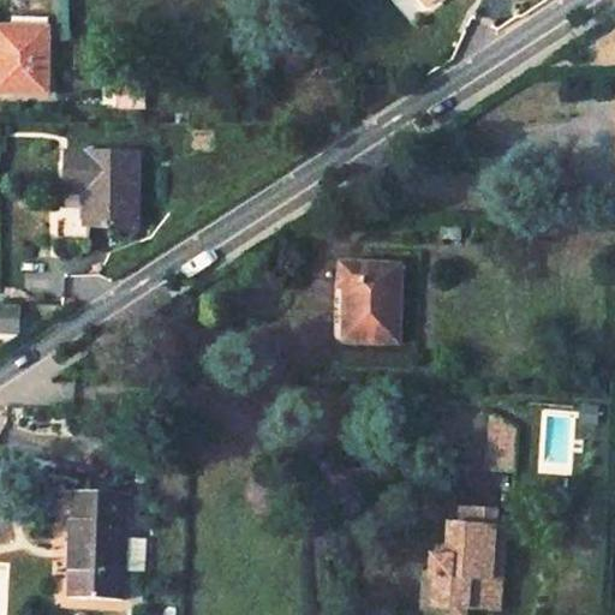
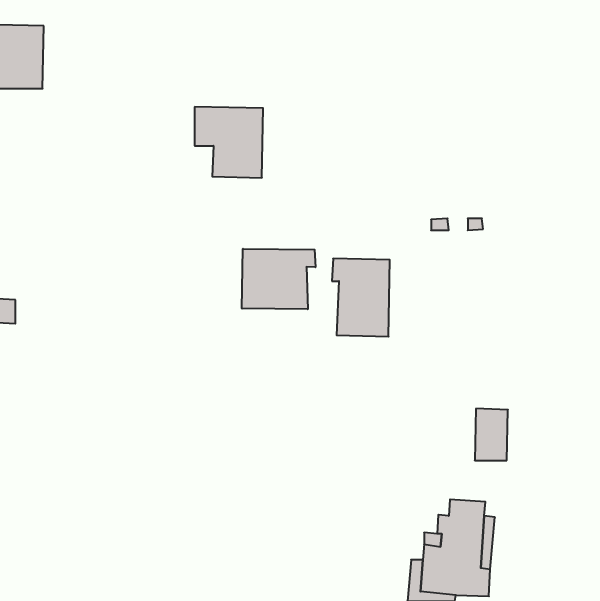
building: [62,150,132,222] -> [195,107,263,178]
building: none -> [242,249,315,309]
building: [68,491,124,599] -> none

